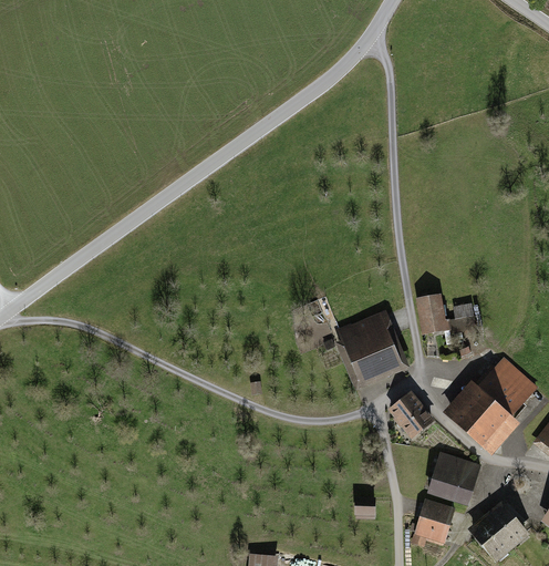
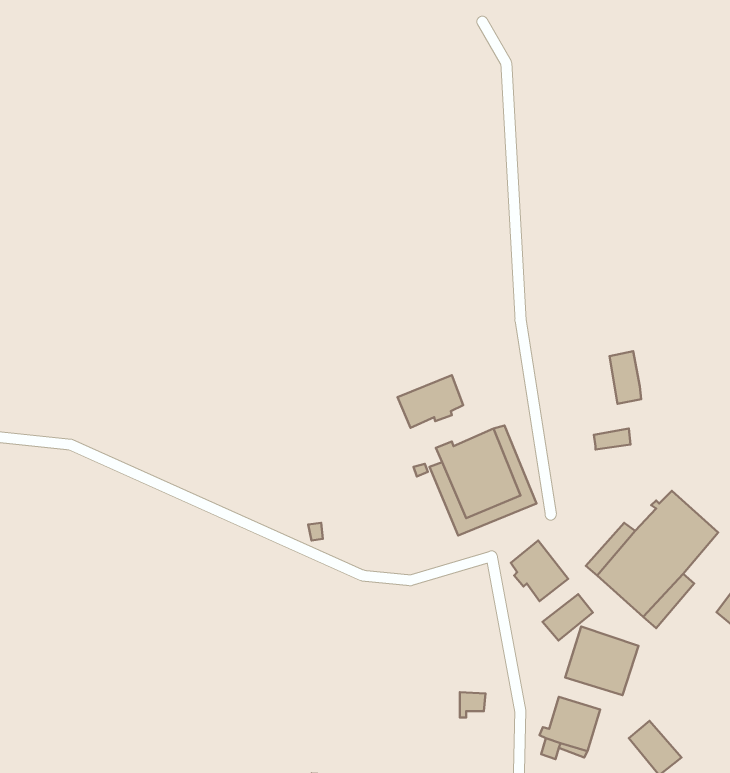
building: none -> [398,375,463,428]
building: [421,295,443,331] -> [609,351,641,404]
building: none -> [542,594,593,640]
building: [488,504,525,543] -> none

